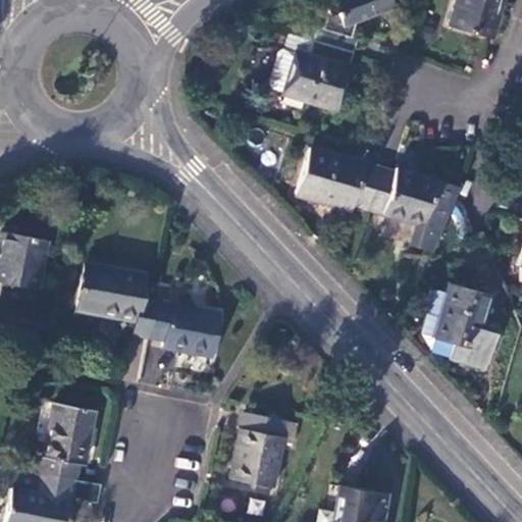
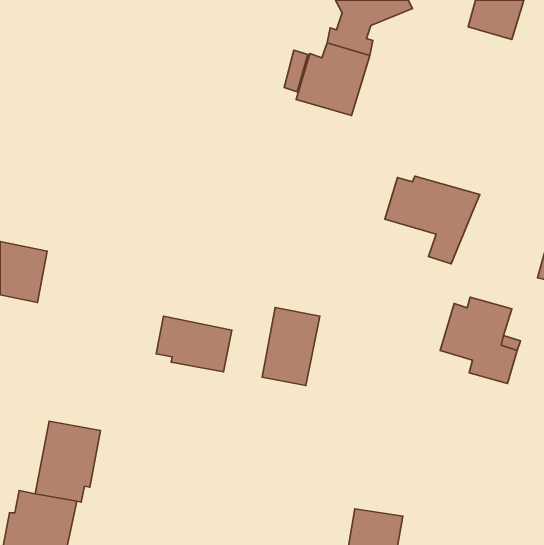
building: [297,149,381,211] -> none
building: [75,262,158,338] -> none
building: [232,413,288,487] -> [262,308,320,386]

